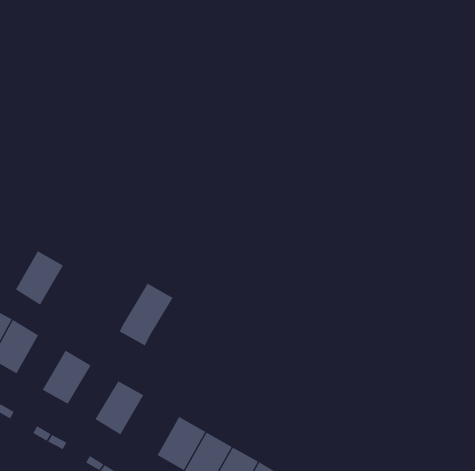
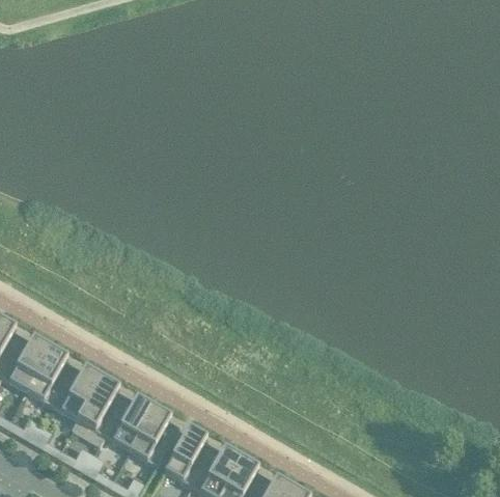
building: [15,251,64,305] -> [26,349,74,403]
building: [119,283,173,346] -> [72,379,126,441]
building: none -> [129,408,178,463]

